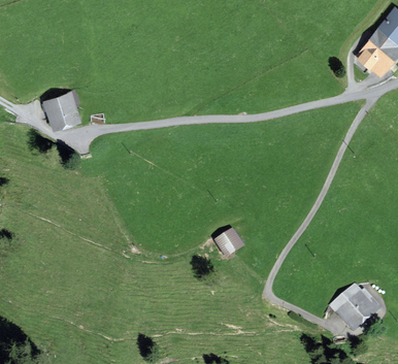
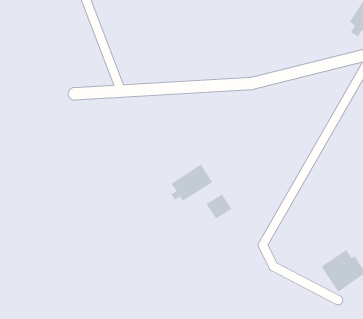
building: [45,91,81,128] -> none
building: none -> [170,163,213,202]

